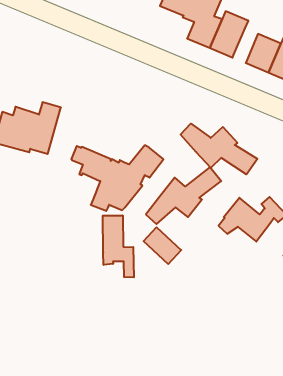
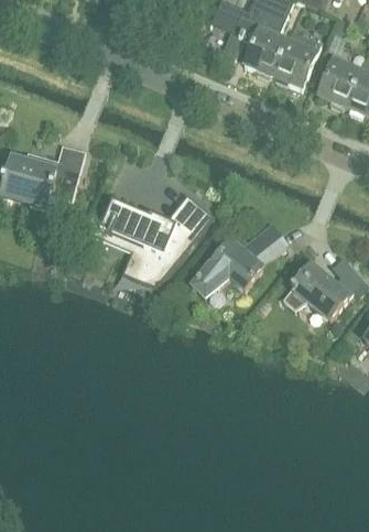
building: [181,124,257,174] -> none
building: [103,215,134,277] -> none
building: [144,227,181,264] -> none

